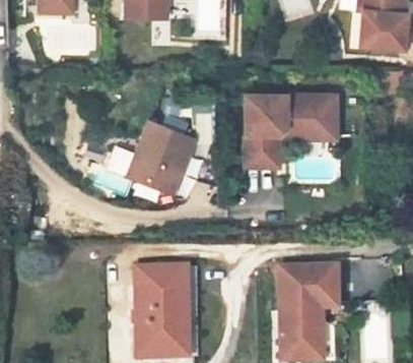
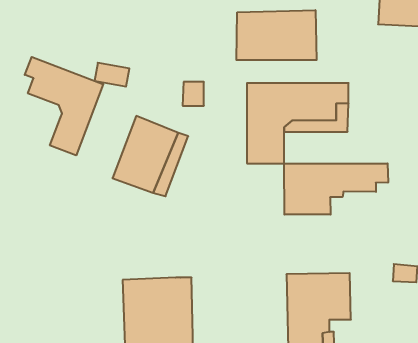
building: none -> [236,10,317,60]
building: none -> [25,57,103,155]
building: none -> [284,163,388,215]

